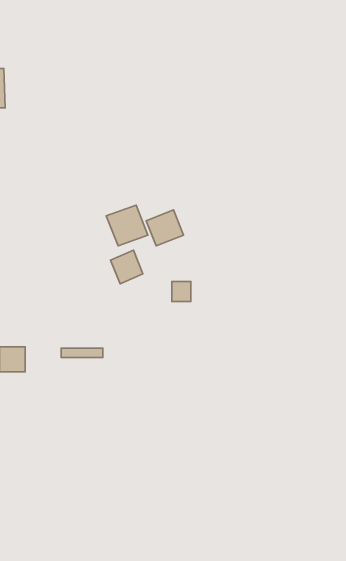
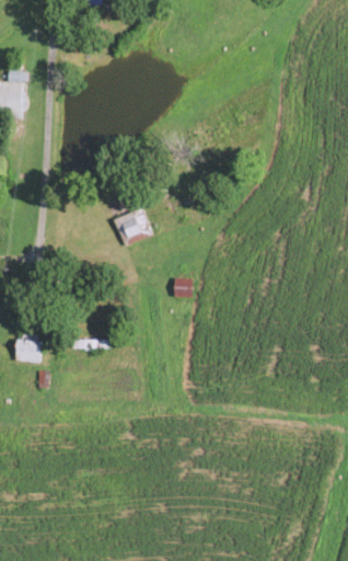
building: [146,210,184,246] -> none
building: [111,250,143,284] -> none

